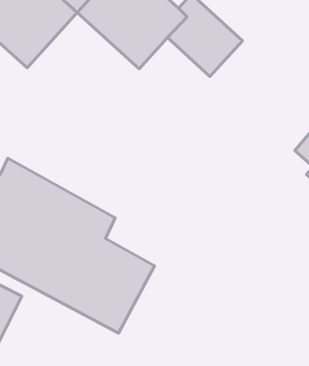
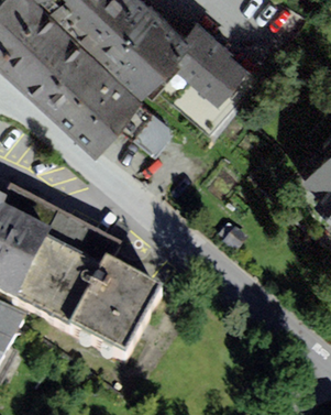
building: none -> [30,34,173,149]

